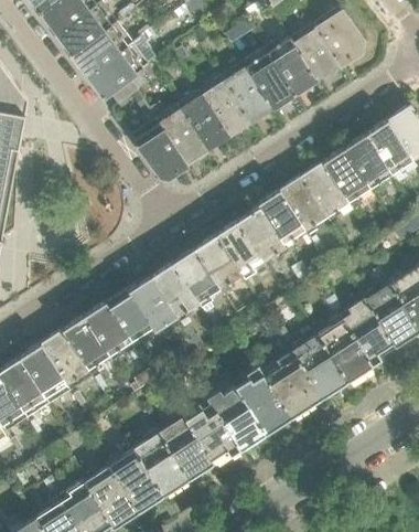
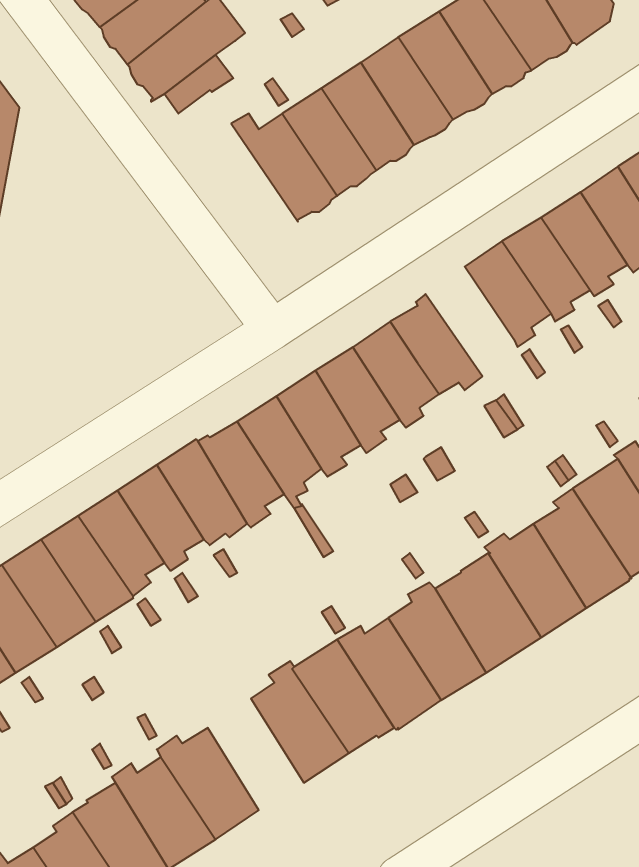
building: [131,100,186,178] -> none
building: [257,190,307,252] -> none
building: [135,428,189,496] -> none

